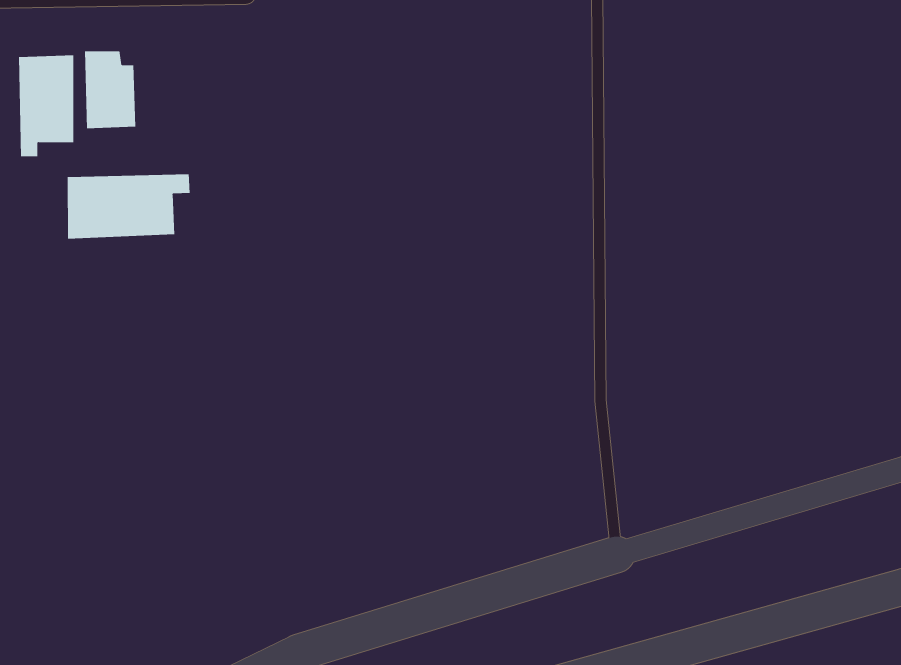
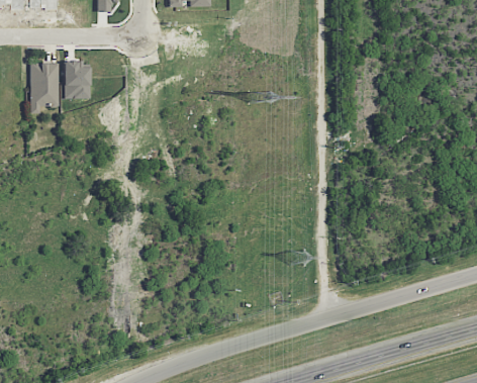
building: [67,173,190,239] -> none

